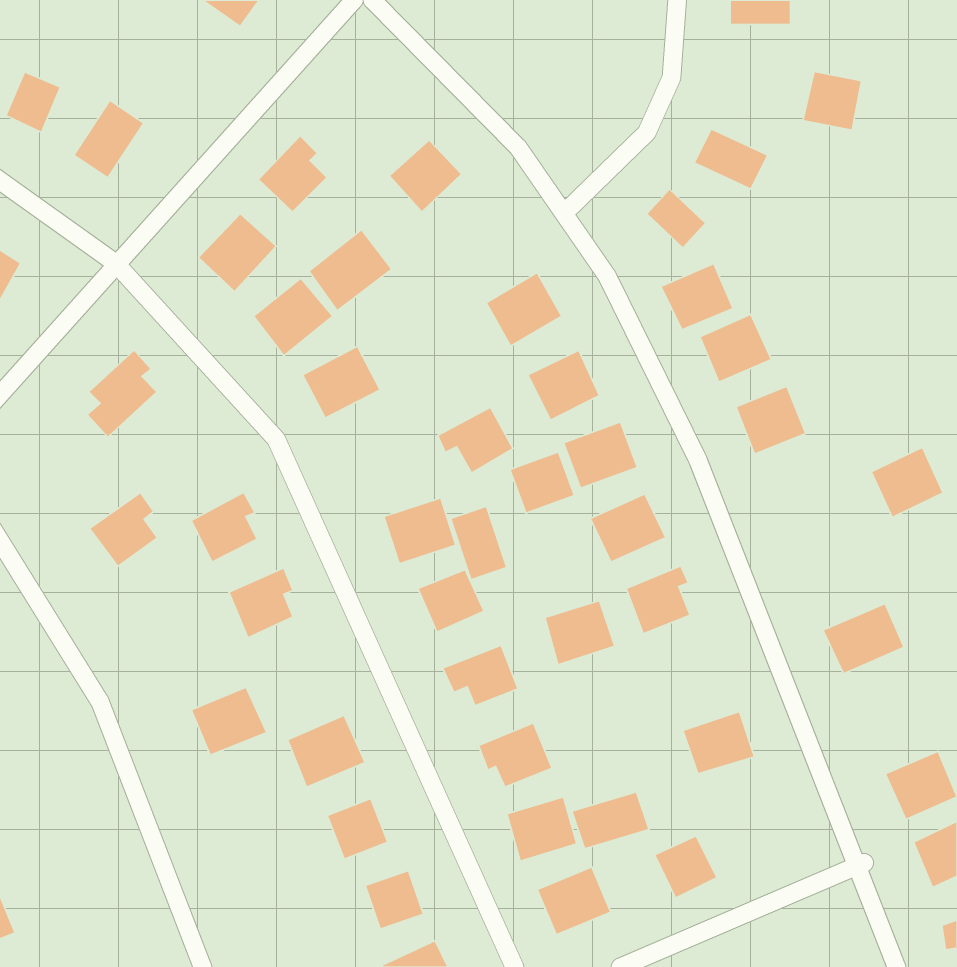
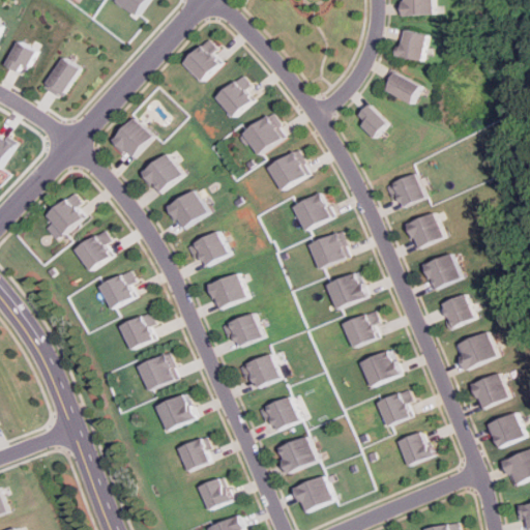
building: [803,71,862,130] -> [393,28,425,60]
building: [259,136,327,212] -> [180,38,217,80]
building: [309,229,392,311] -> [238,112,284,156]
building: [661,264,733,330] -> none
building: [438,407,513,473] -> [188,230,230,266]
building: [871,447,943,517] -> [418,252,458,290]
building: [510,452,575,513] -> none
building: [89,493,158,566] -> [79,229,116,269]
building: [450,506,507,580] -> none
building: none -> [437,293,472,327]
building: [545,601,615,665] -> [358,350,396,385]
building: none -> [468,373,505,408]
building: [191,687,267,755] -> [142,352,183,389]
building: [572,792,649,849] -> none
building: [655,836,717,898] -> [395,431,430,465]

